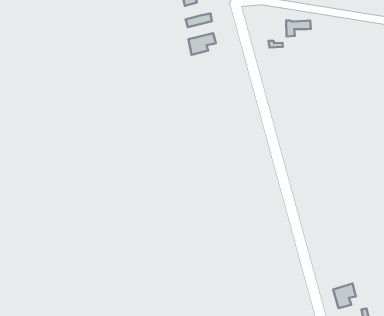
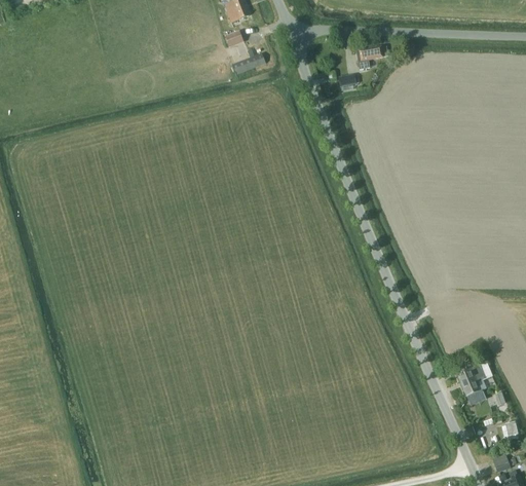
building: [188,33,216,55] -> none

